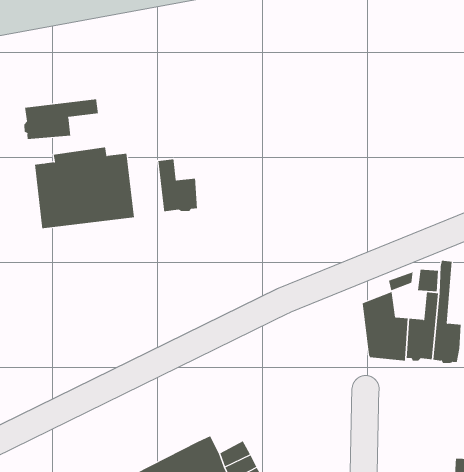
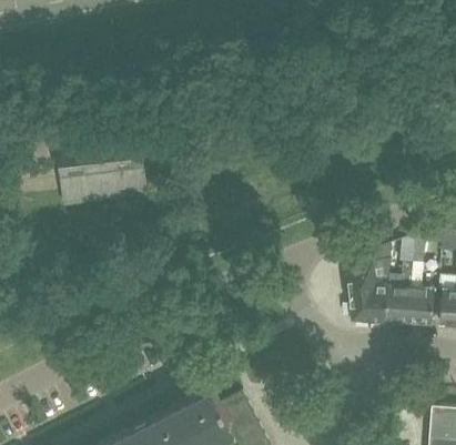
building: [24,98,99,140] -> none
building: [158,158,198,212] -> none

